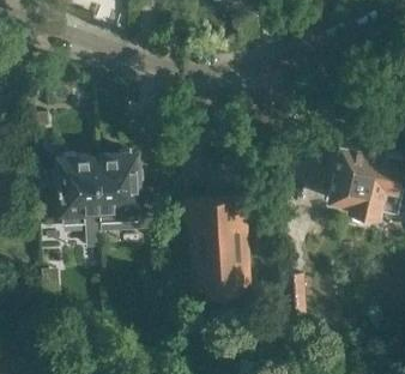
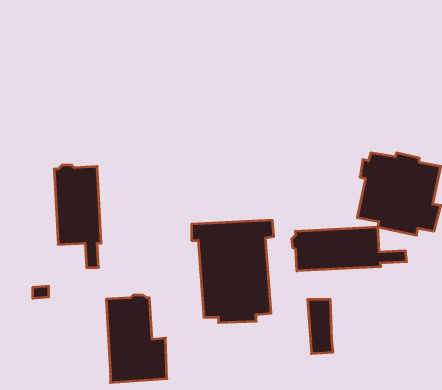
building: [97,152,151,230] -> [106,295,167,383]
building: none -> [292,227,407,271]

